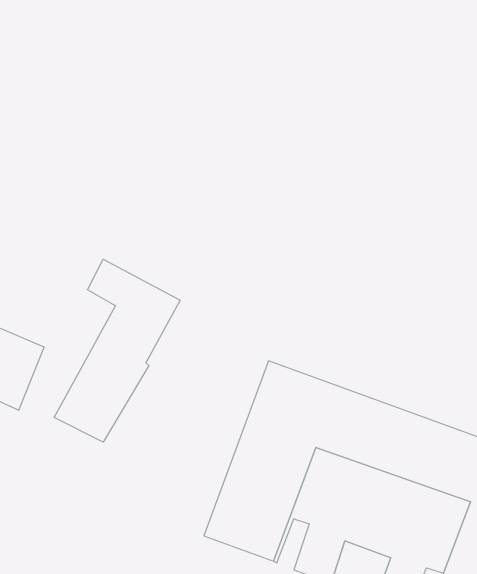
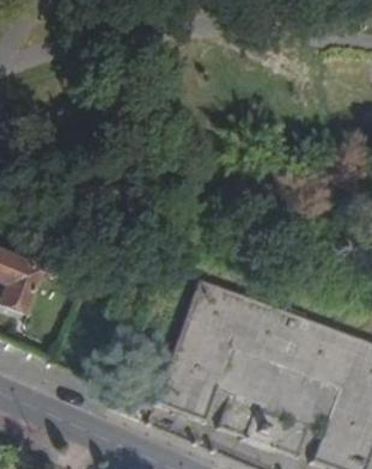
building: [54,259,180,442] -> none

